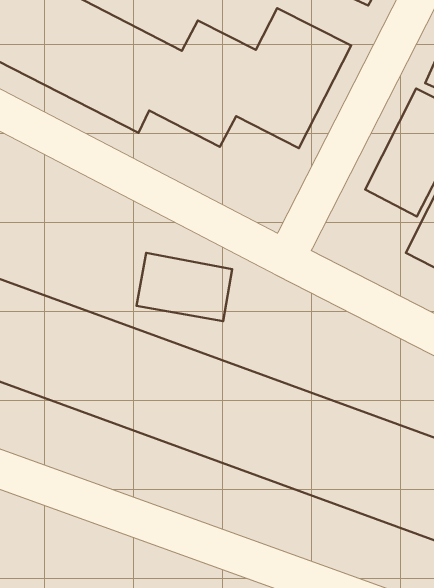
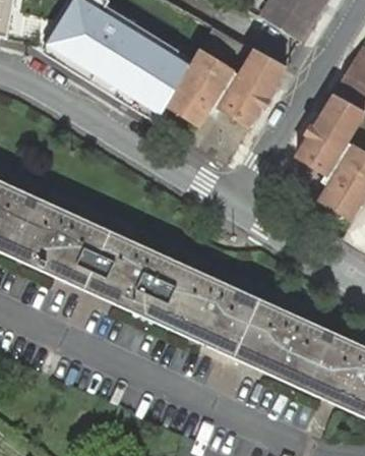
building: [137,253,232,321] -> none

